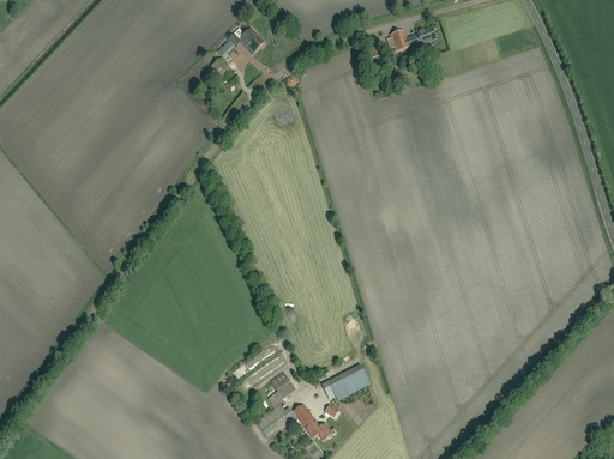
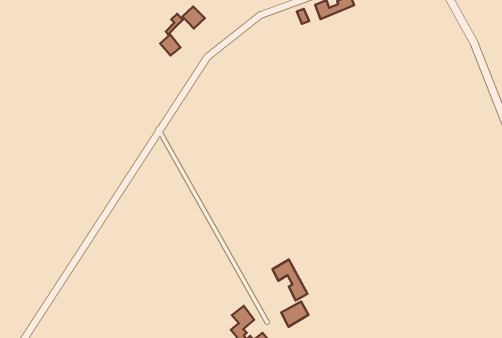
building: none -> [272,260,307,301]

